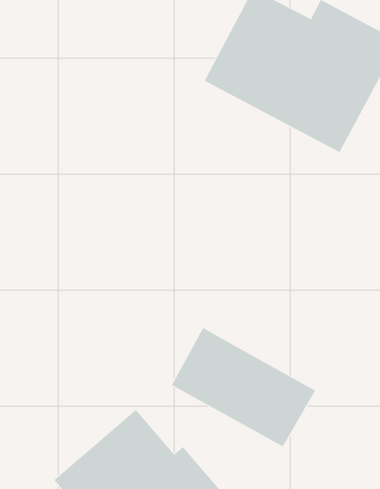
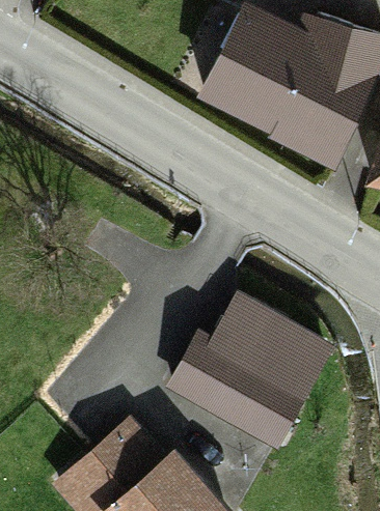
building: none -> [214,287,335,401]

